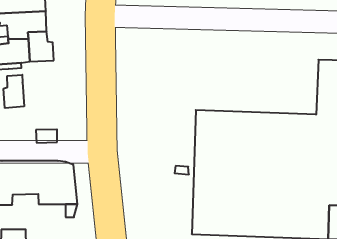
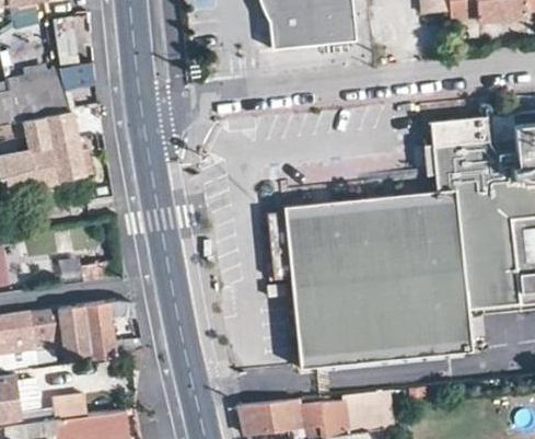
building: [4,75,24,108] -> none

